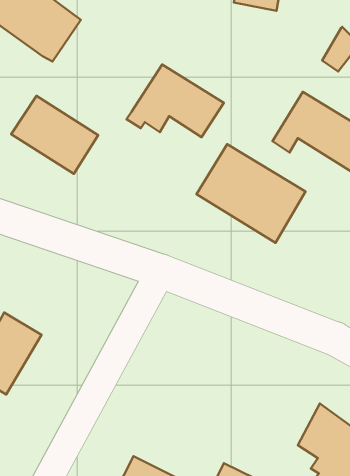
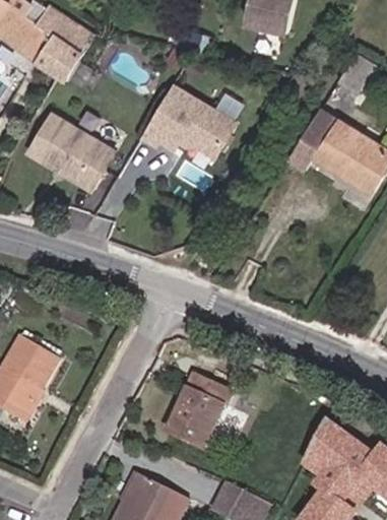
building: [196,144,306,243] -> none
building: none -> [178,375,241,449]

